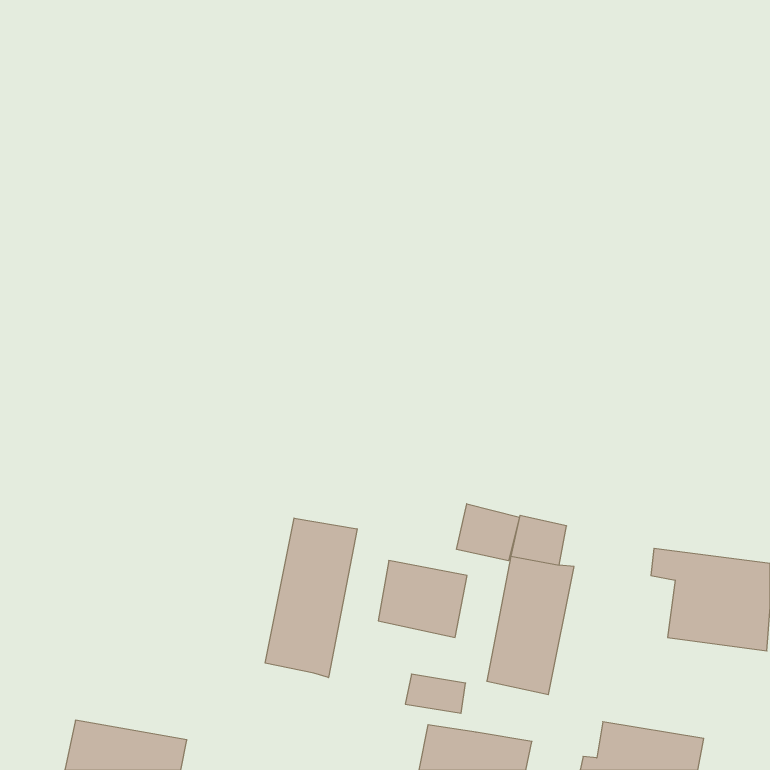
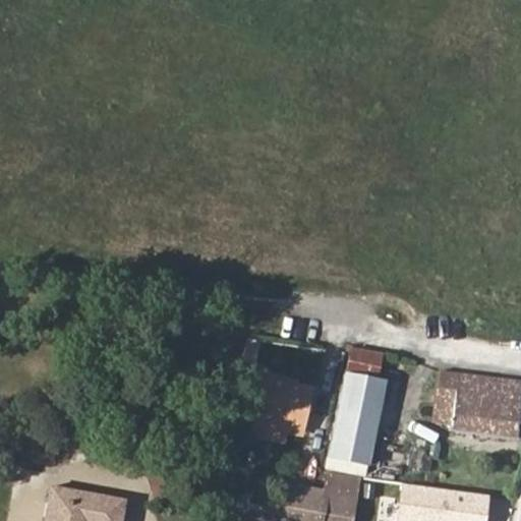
building: [457,504,519,561] -> none
building: [265,518,357,678] -> none
building: [405,674,466,713] -> [322,474,362,501]

